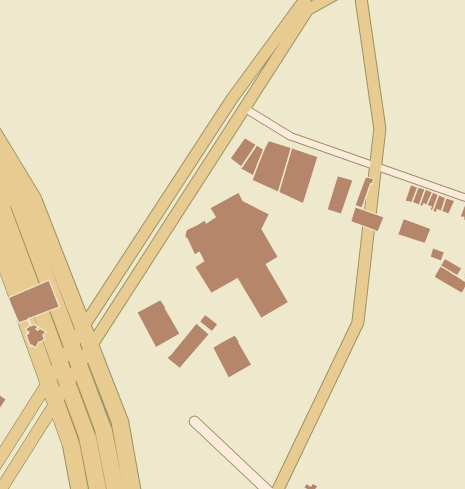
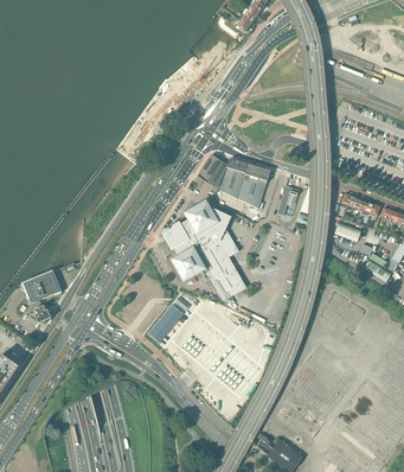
building: [137,299,180,348] -> none
building: [212,335,252,378] -> none

